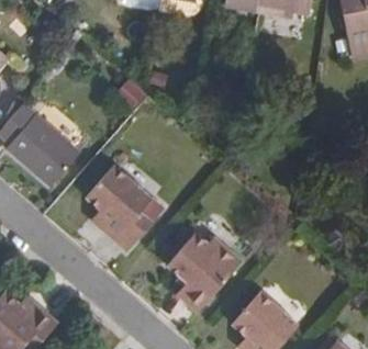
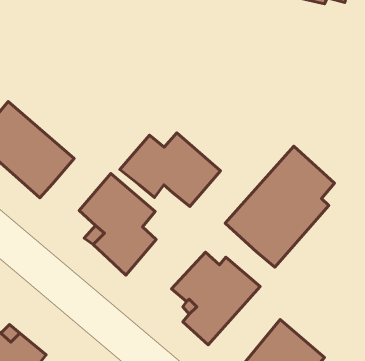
building: none -> [120,133,221,207]
building: none -> [225,146,335,267]

